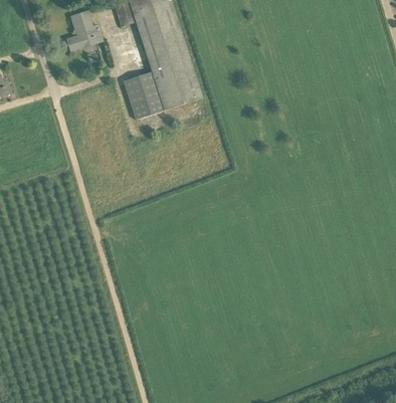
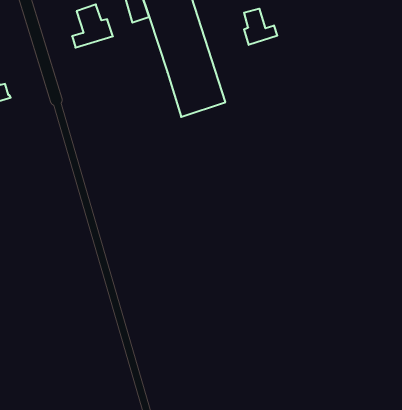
building: none -> [244,9,277,45]
building: [122,70,163,120] -> none

